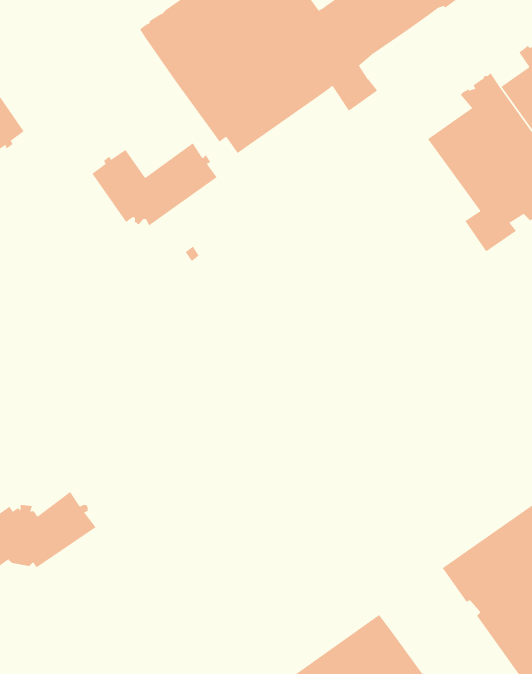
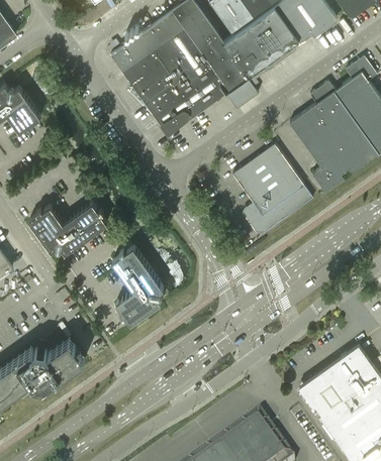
building: [92,143,218,226] -> [29,202,107,253]
building: none -> [232,143,313,234]
building: none -> [112,246,164,325]

